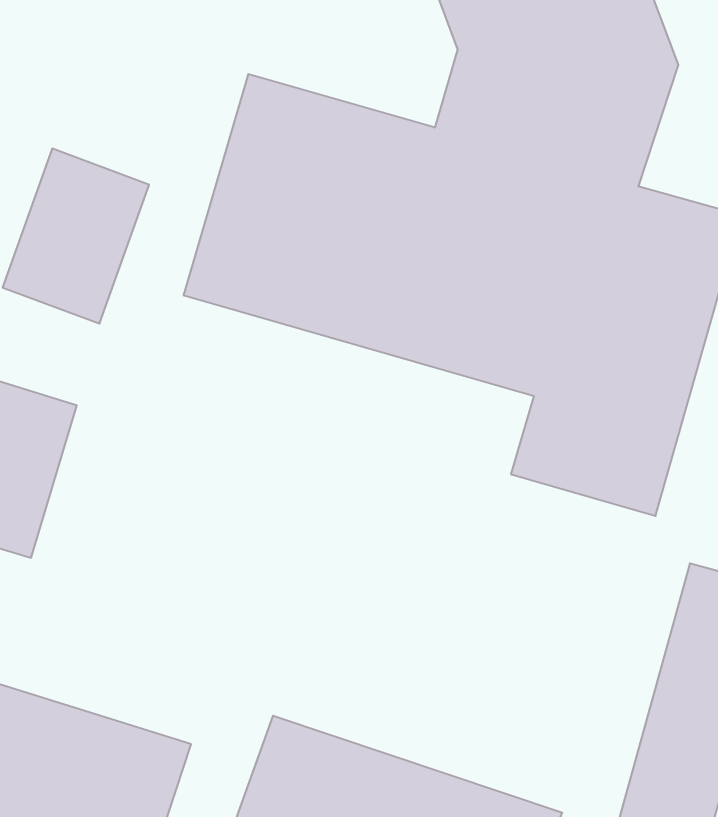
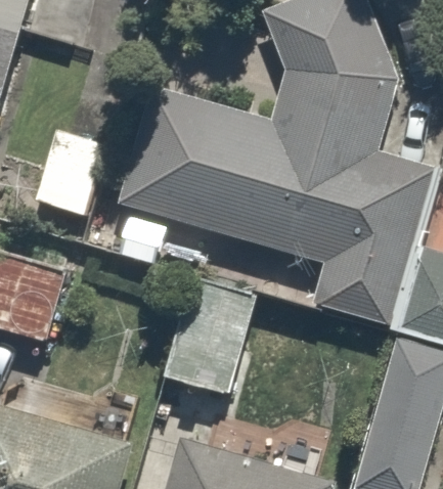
building: none -> [162,276,260,396]

